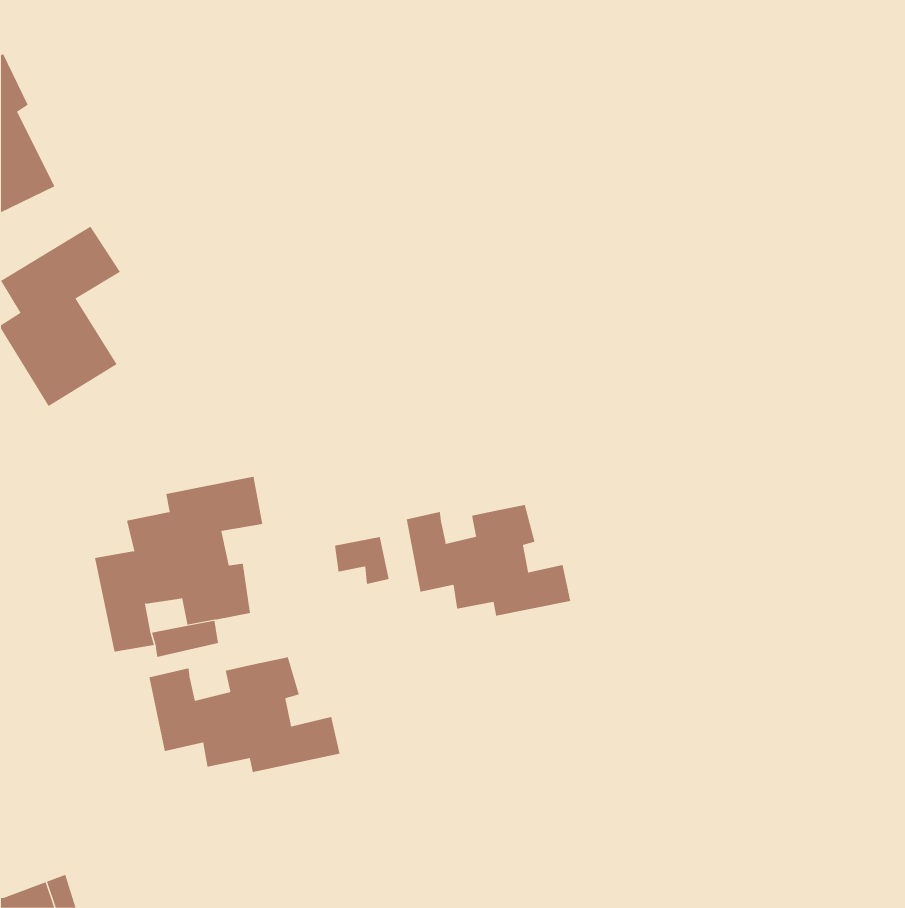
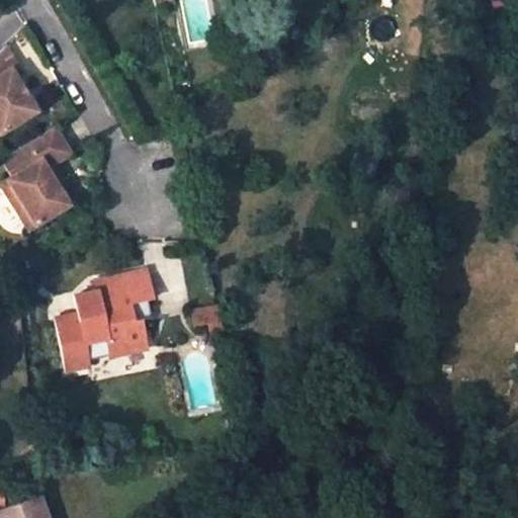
building: [406,504,571,616] -> none
building: [149,656,340,773] -> none

